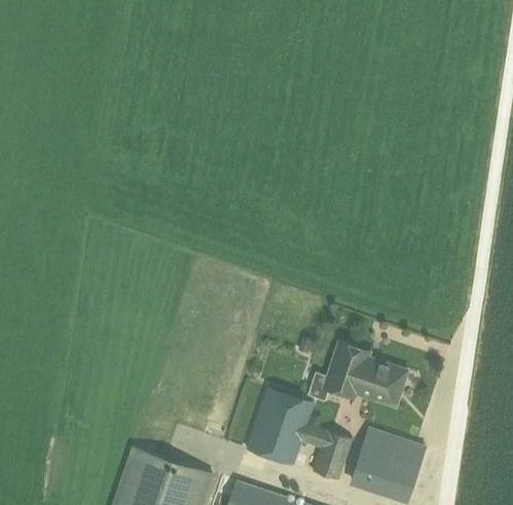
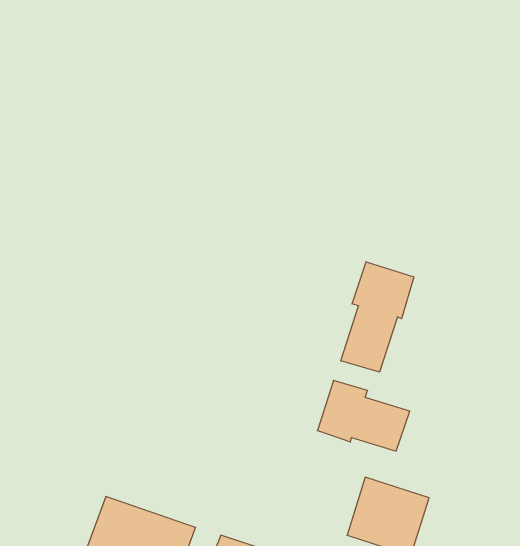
building: none -> [341,262,414,372]
building: [247,389,352,481] -> none

